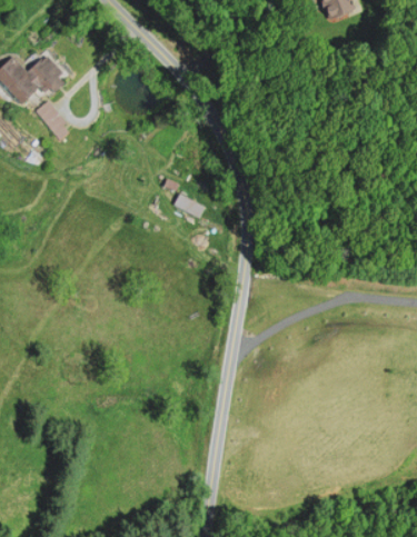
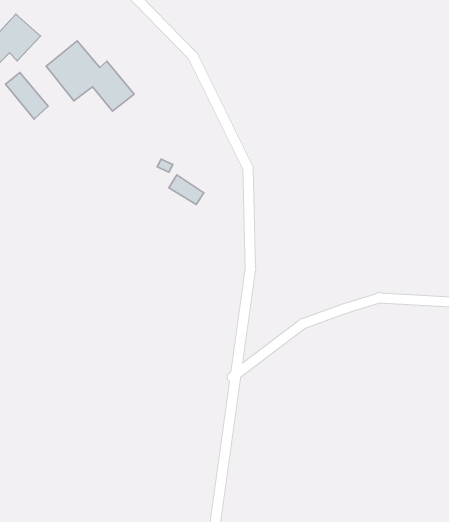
building: none -> [46,41,134,111]

